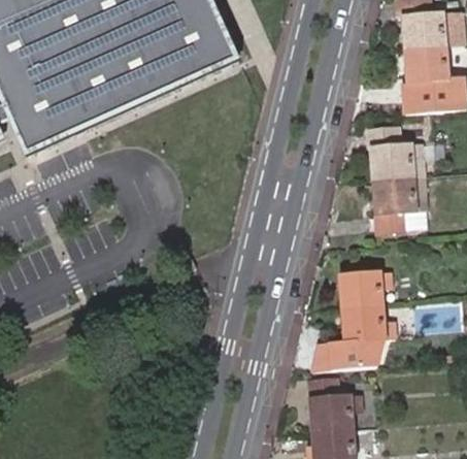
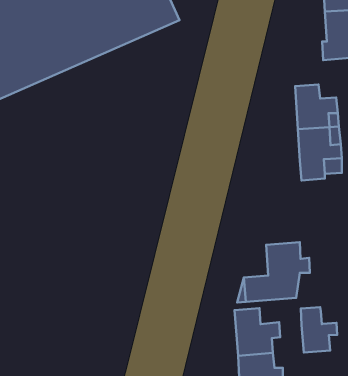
building: [338,272,385,308] -> none
building: none -> [301,307,337,353]

